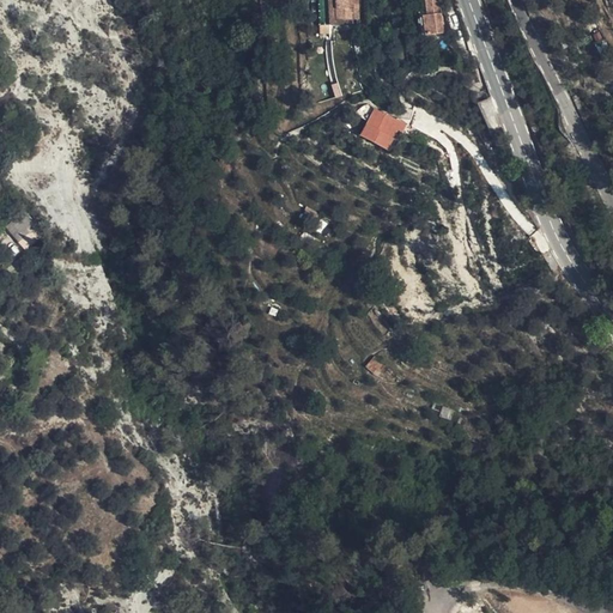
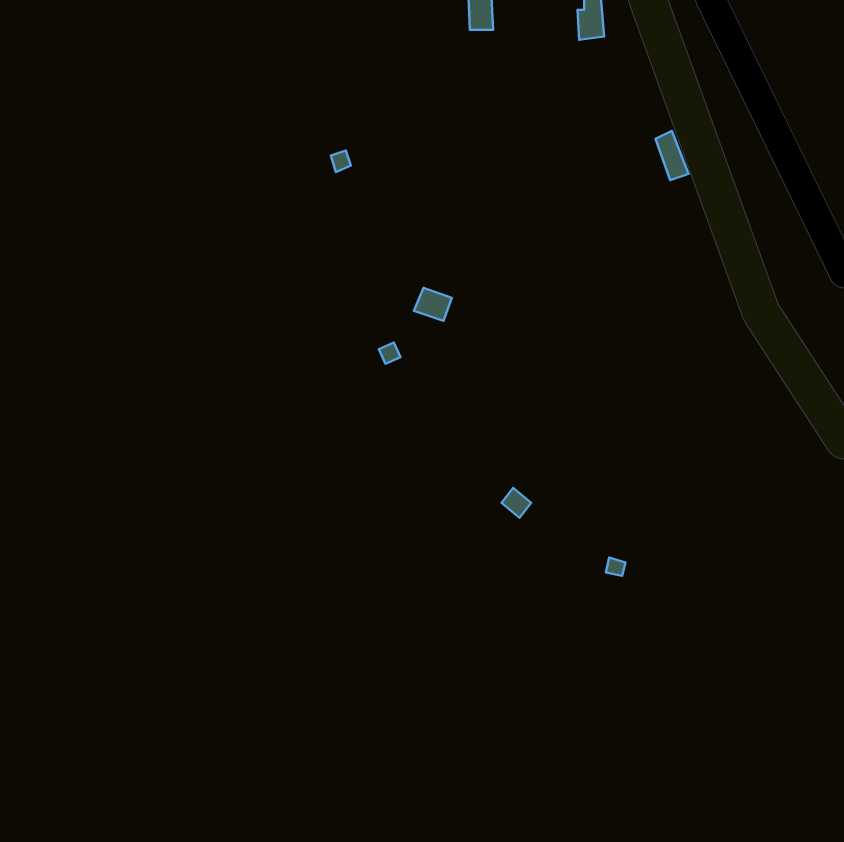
building: [364,115,399,144] -> none

